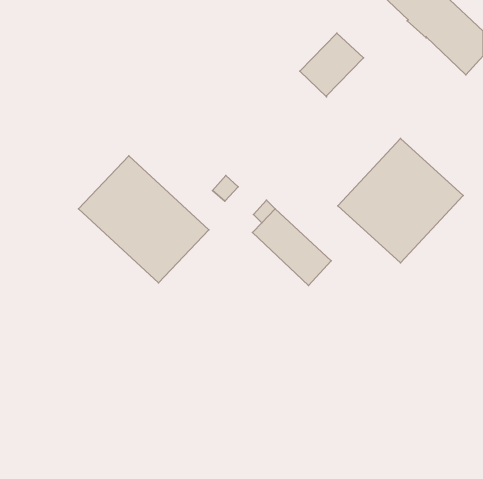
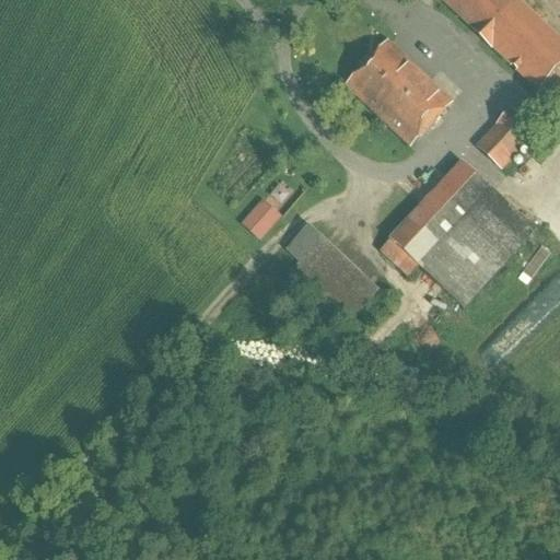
building: none -> [376,67,451,142]
building: none -> [477,107,534,164]
building: [78,156,209,283] -> none

